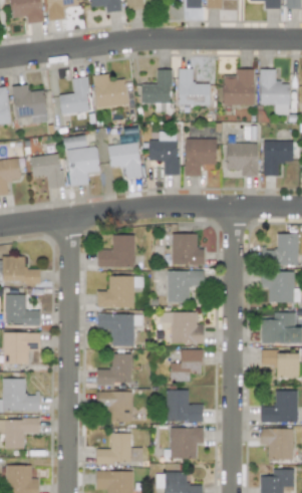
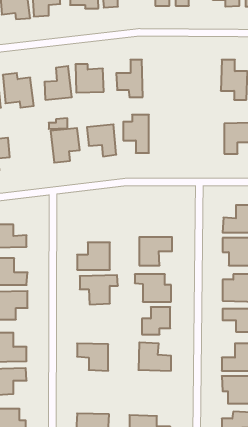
building: [179,68,211,111] -> none
building: [224,69,255,105] -> none
building: [186,139,218,176] -> none
building: [227,143,259,177] -> none
building: [31,154,64,189] -> none
building: [173,233,205,265] -> none
building: [98,234,135,267] -> none
building: [97,353,132,384] -> none
building: [171,427,205,459] -> none
building: [96,433,143,464] -> none

